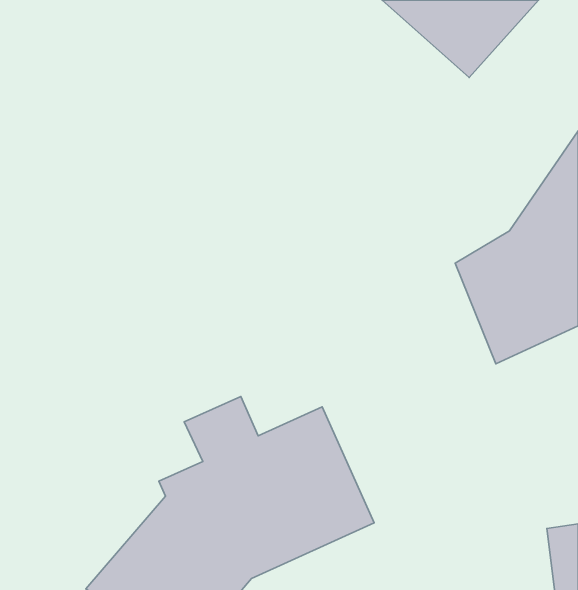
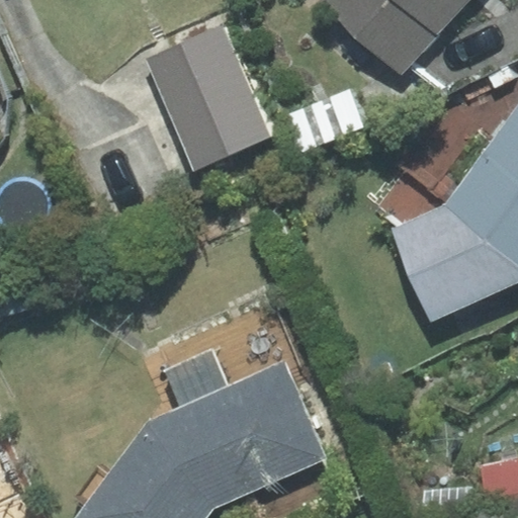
building: none -> [112,22,275,183]

